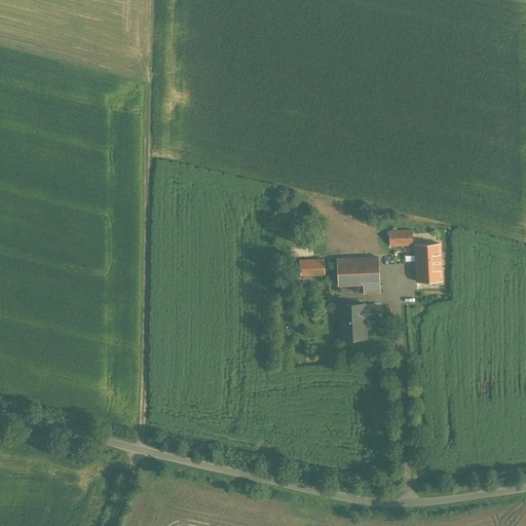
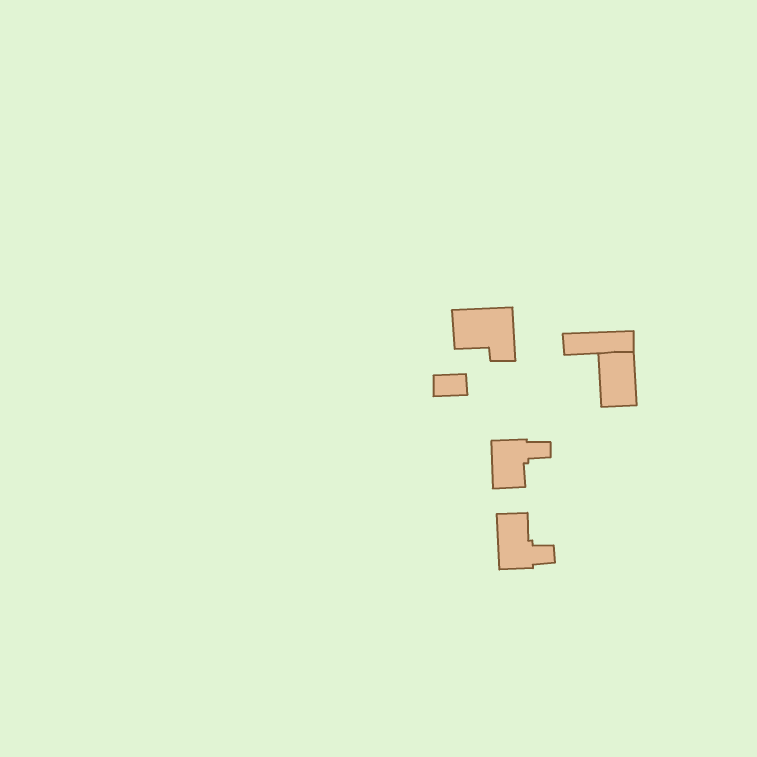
building: [337,257,381,294] -> [452,307,516,361]
building: none -> [497,513,555,570]

